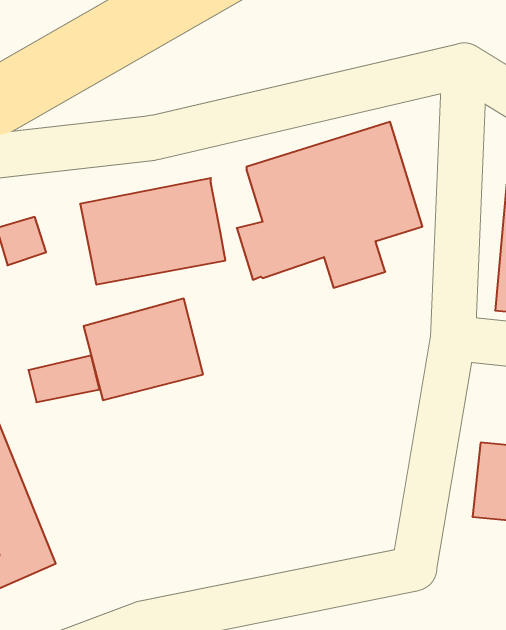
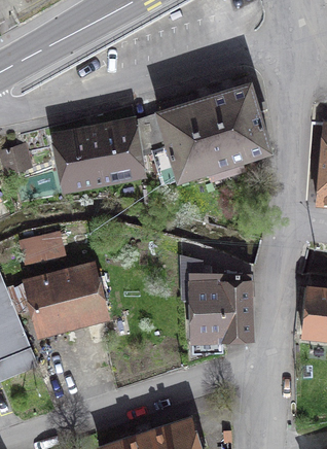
building: none -> [136,113,169,153]
building: [84,299,203,400] -> [28,266,104,331]
building: none -> [181,255,252,341]

